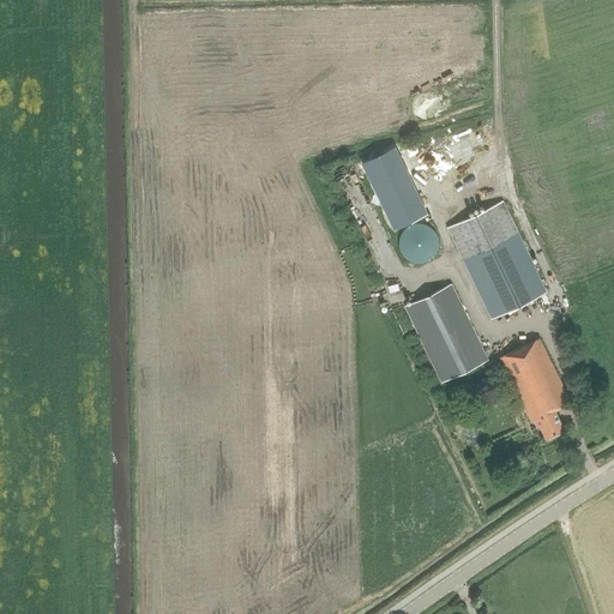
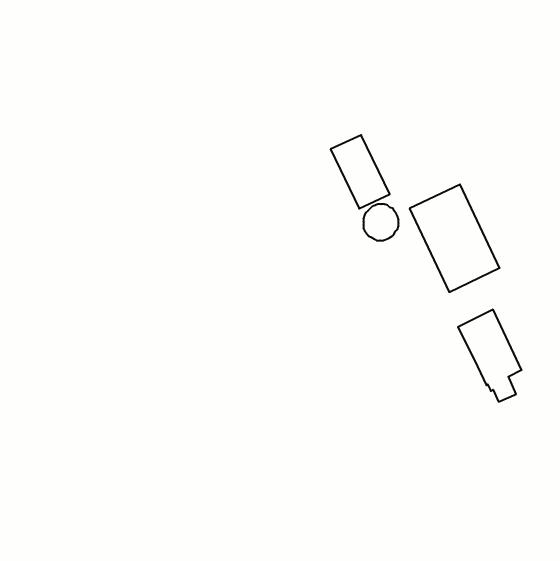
building: [405,284,490,384] -> none

